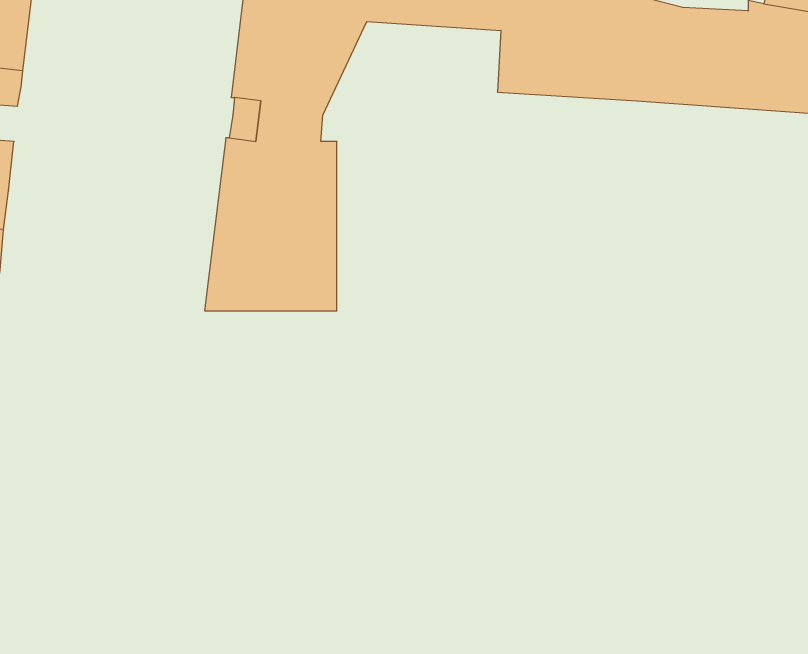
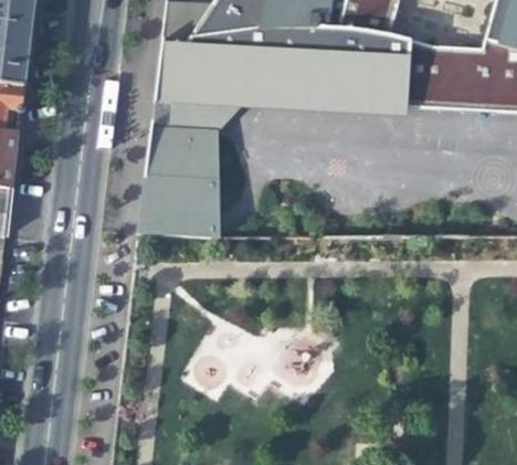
building: none -> [210,55,408,130]

